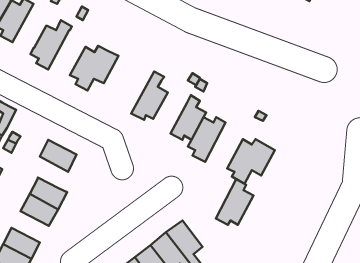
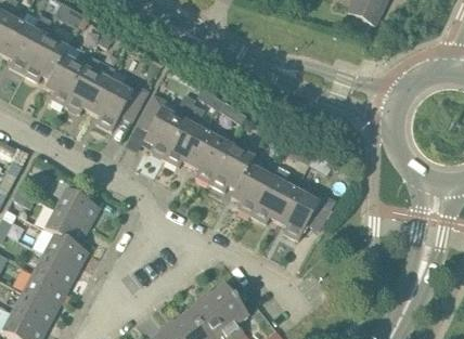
building: none -> [23,27,67,80]
building: none -> [65,56,114,113]
building: none -> [136,91,195,157]
building: none -> [190,130,234,181]
building: none -> [43,208,89,246]
building: [216,179,253,225] -> [252,168,296,222]
building: none -> [22,273,66,310]

